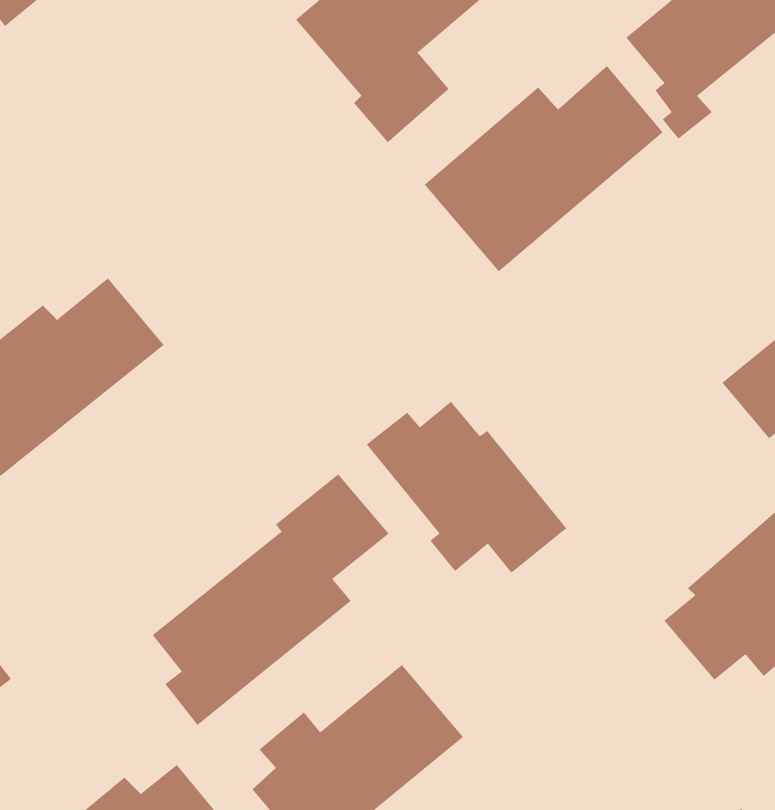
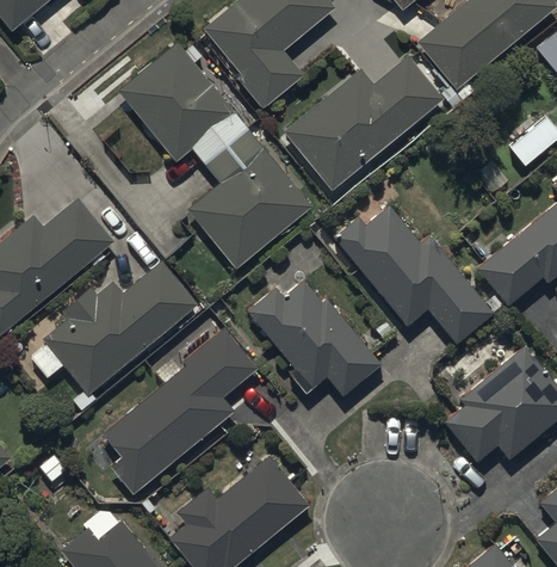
building: none -> [116,42,309,269]
building: none -> [335,205,494,343]
building: none -> [35,265,199,414]

